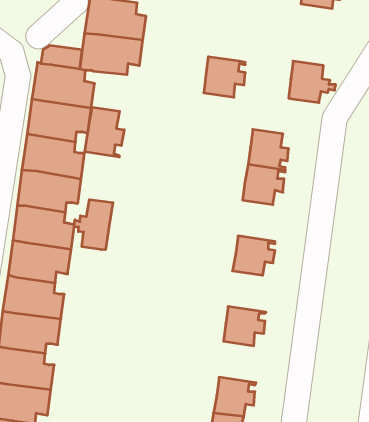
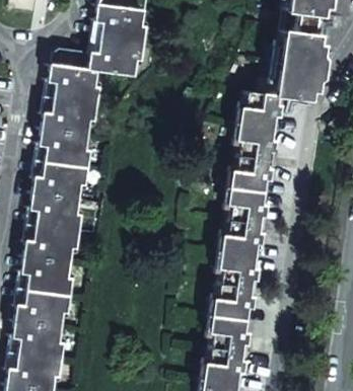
building: none -> [281,30,325,67]
building: [204,57,245,97] -> [244,92,282,129]
building: [85,107,124,157] -> none
building: [74,200,113,250] -> none
building: none -> [231,188,269,226]
building: none -> [222,252,260,290]
building: none -> [214,316,251,354]

